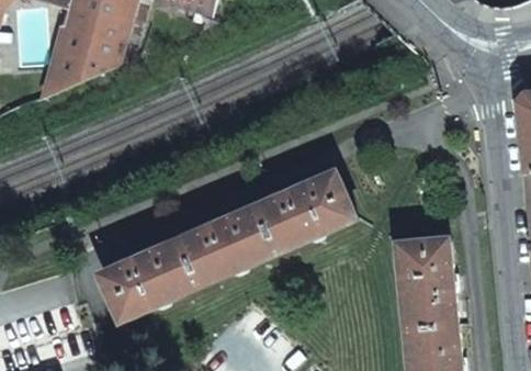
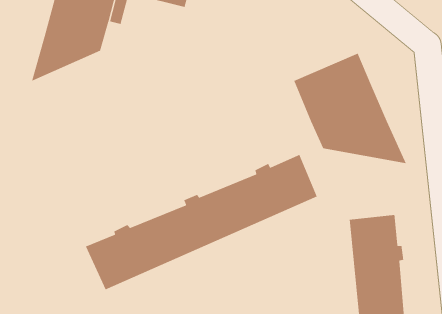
building: none -> [293,52,407,164]

